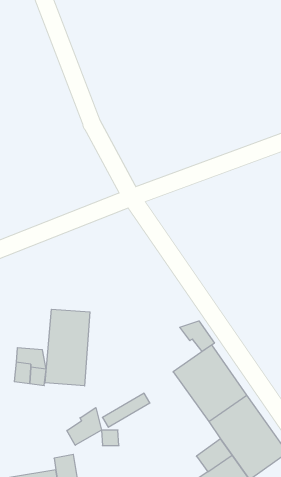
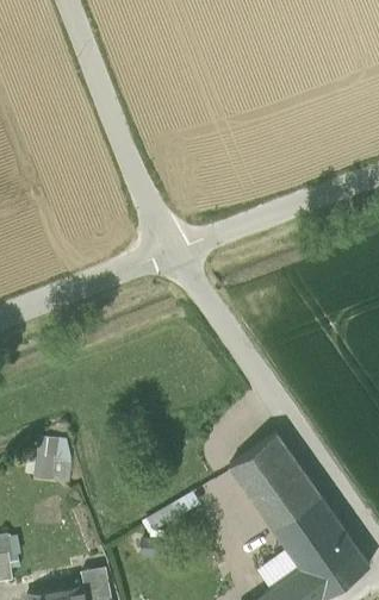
building: [45,309,90,386] -> none
building: [180,321,214,351] -> none
building: [67,408,101,445] -> none

